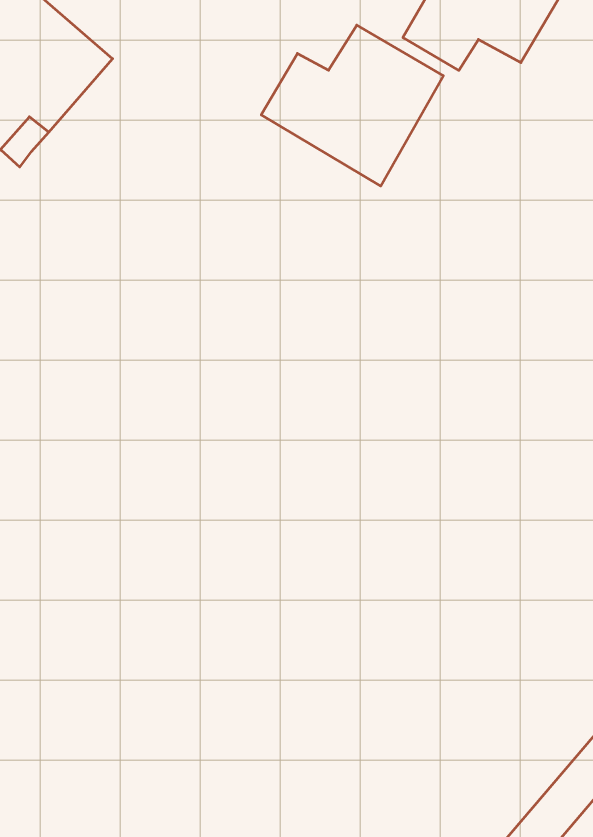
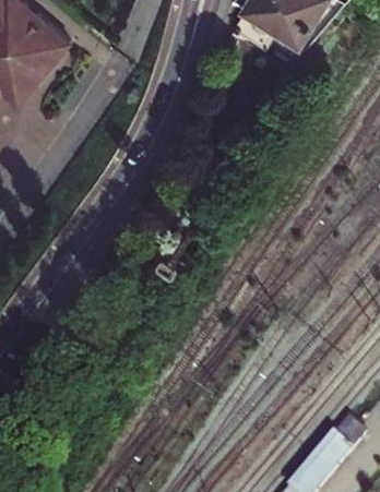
building: [261,25,443,186] -> none

